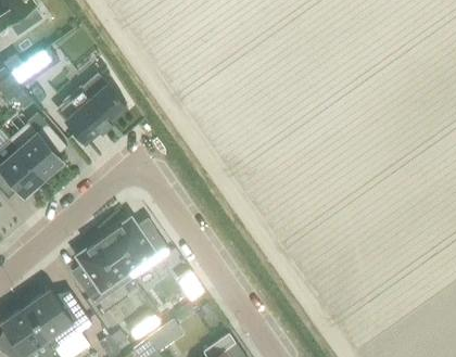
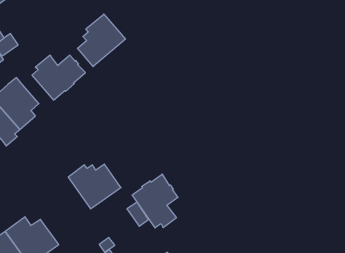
building: none -> [77,14,125,67]
building: none -> [132,174,178,228]
building: [74,239,132,305] -> none

